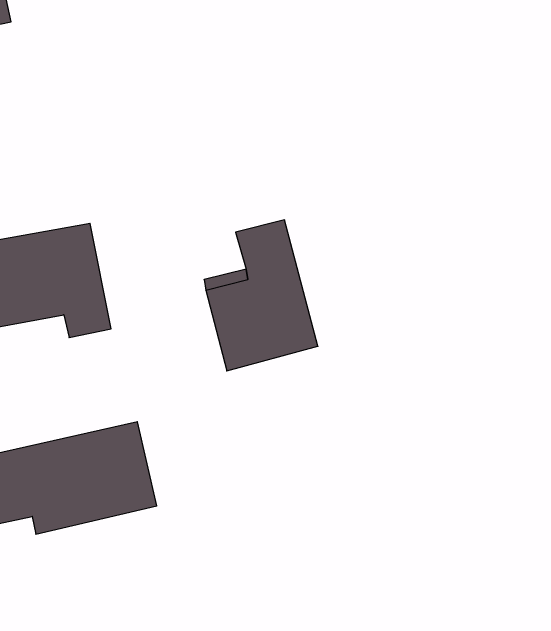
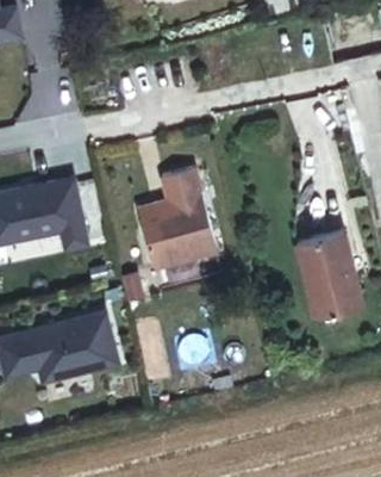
building: none -> [293,231,361,317]

